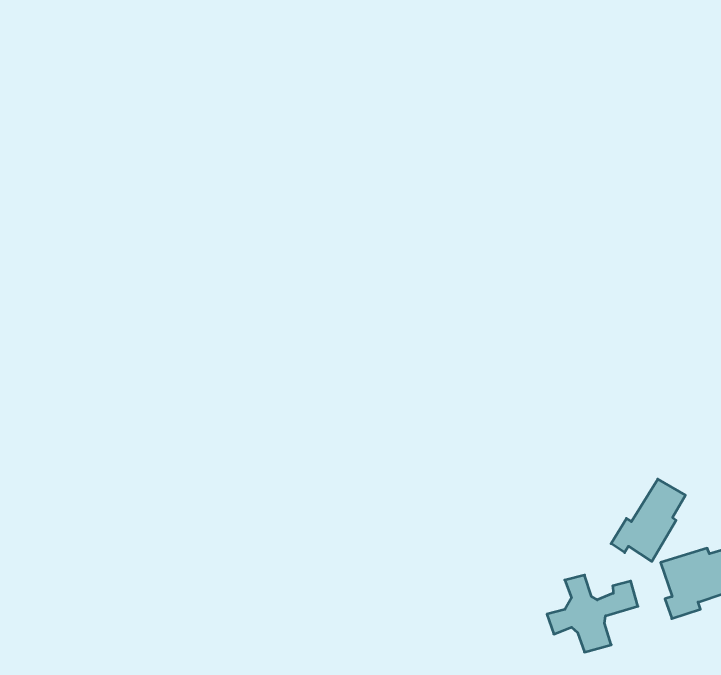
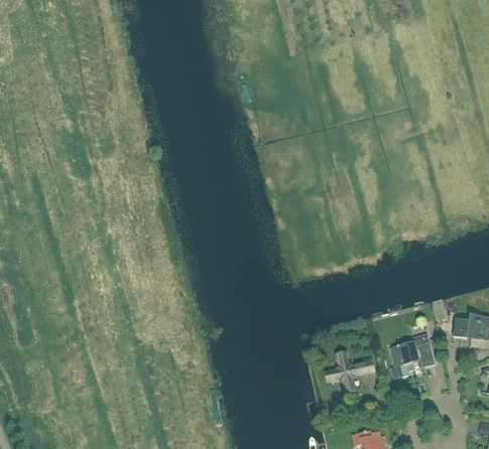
building: [611,479,685,561] -> none

